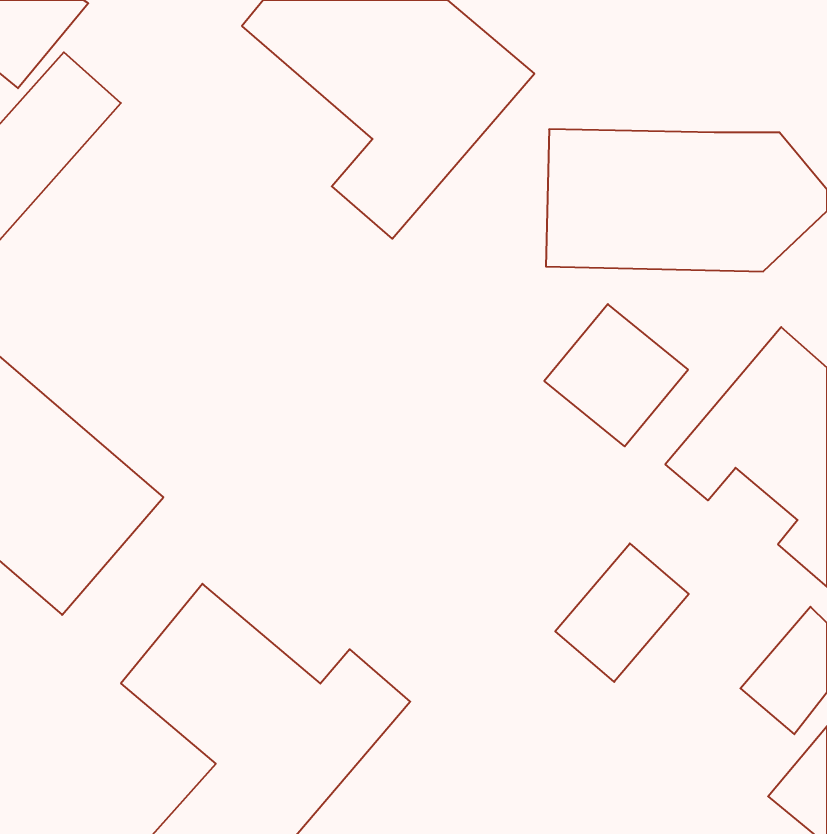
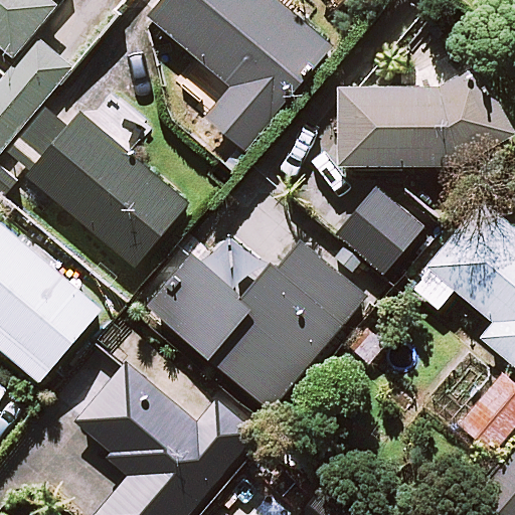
building: none -> [27,115,185,267]
building: none -> [150,237,368,410]
building: [555,543,689,682] -> none

